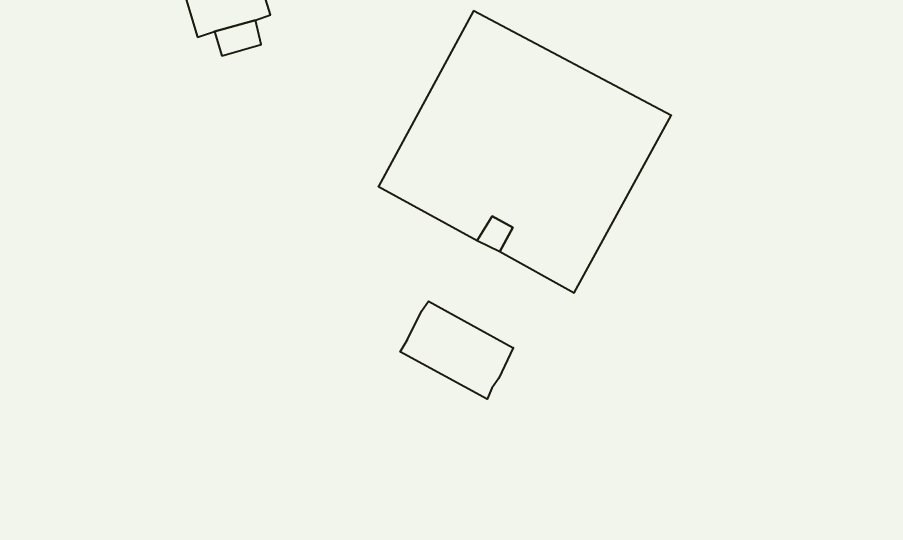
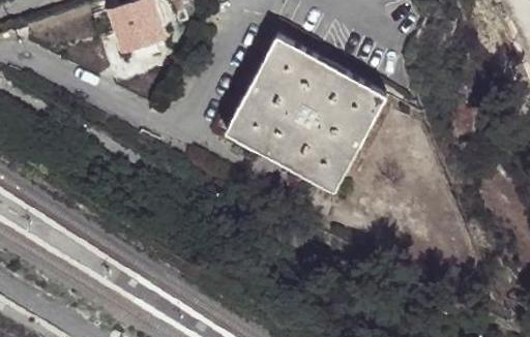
building: [400,301,513,399] -> none

